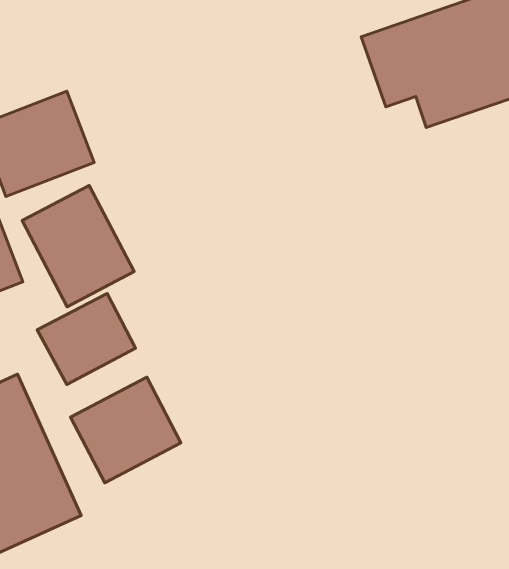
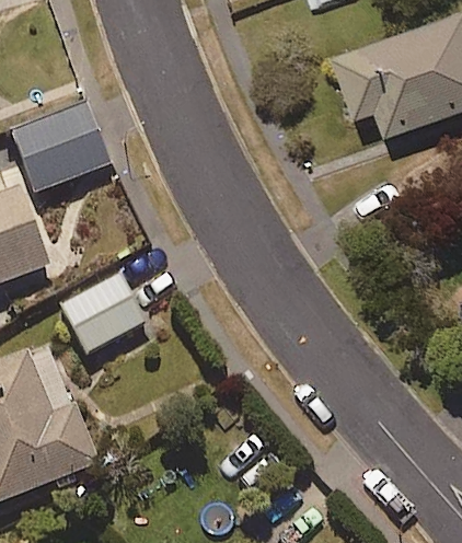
building: [22,185,134,307] -> none
building: [70,377,181,483] -> none

